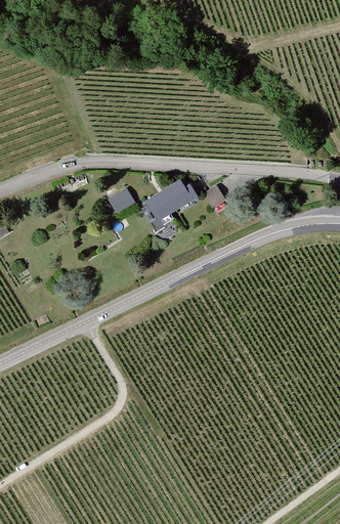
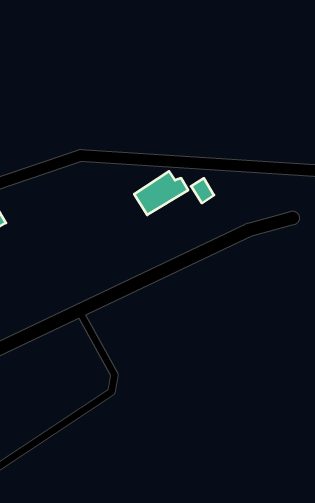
building: [108,187,137,214] -> none

